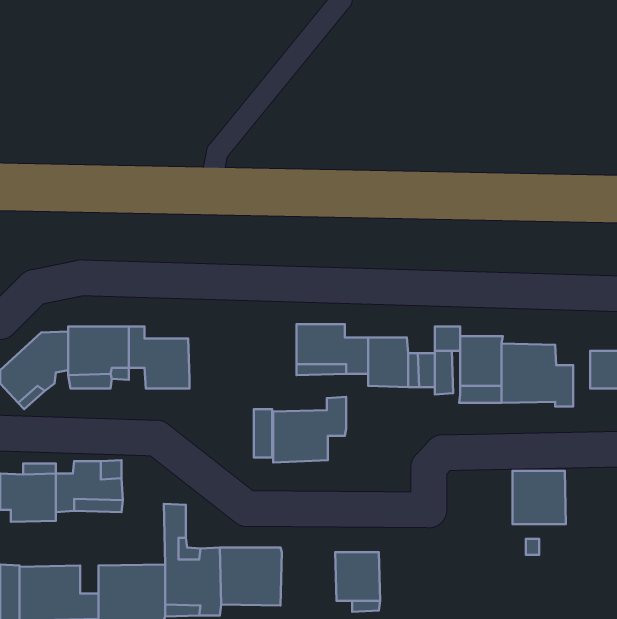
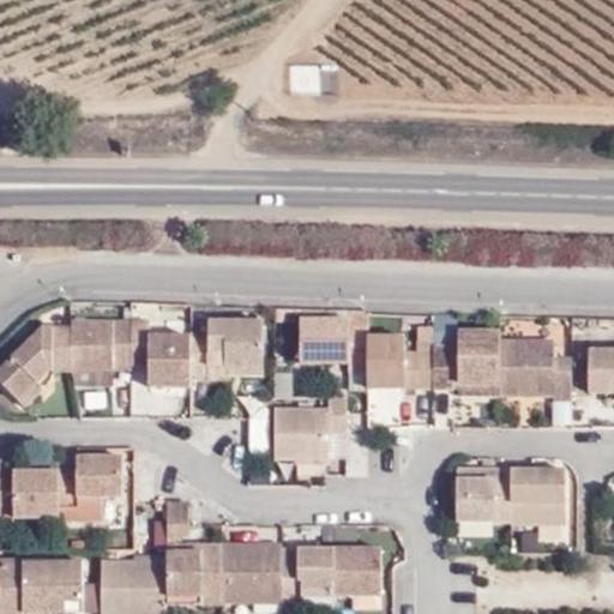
building: none -> [189,320,260,375]
building: none -> [453,466,510,520]
building: none -> [281,547,336,608]

